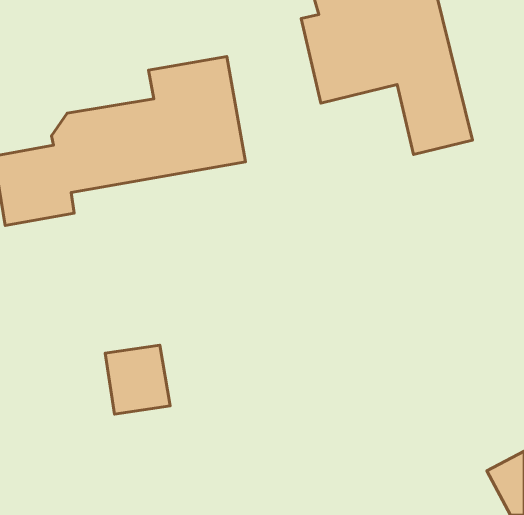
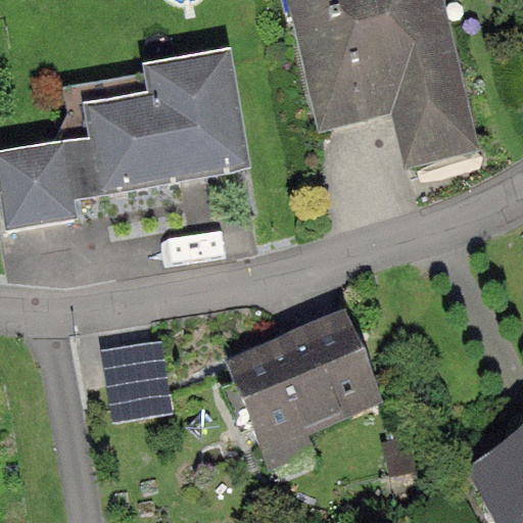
building: none -> [228,315,392,467]

